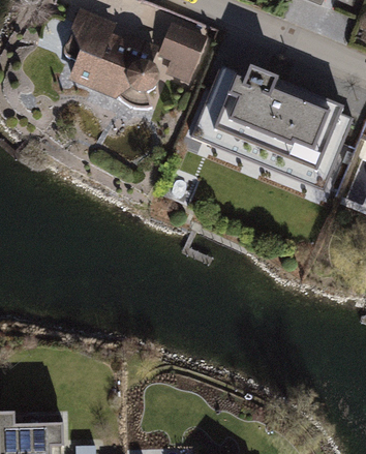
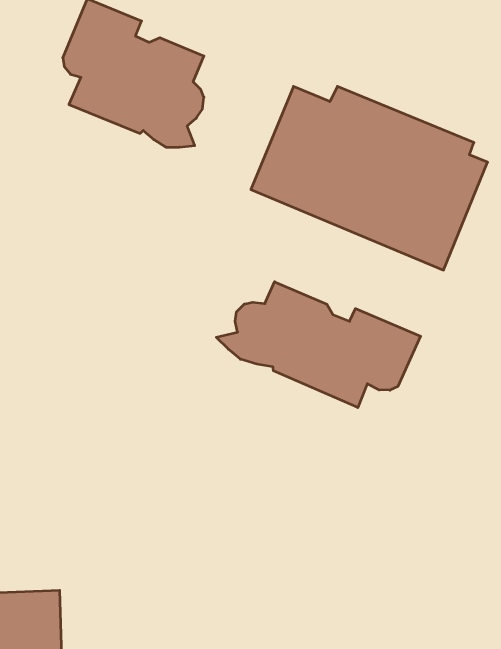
building: [158,22,208,83] -> none
building: none -> [216,282,421,408]

